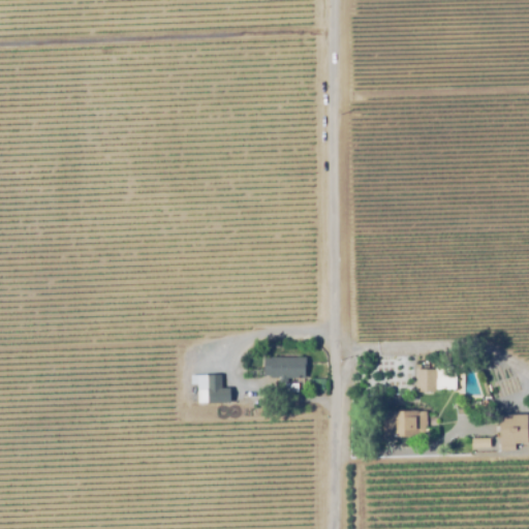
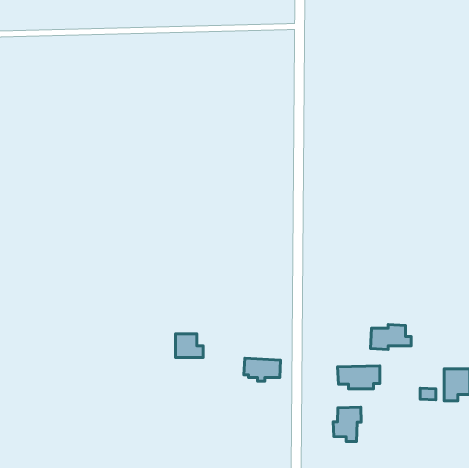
building: [264,356,306,382] -> [244,358,281,381]
building: none -> [333,407,361,442]

